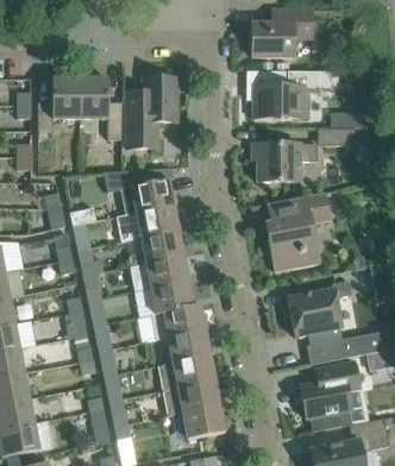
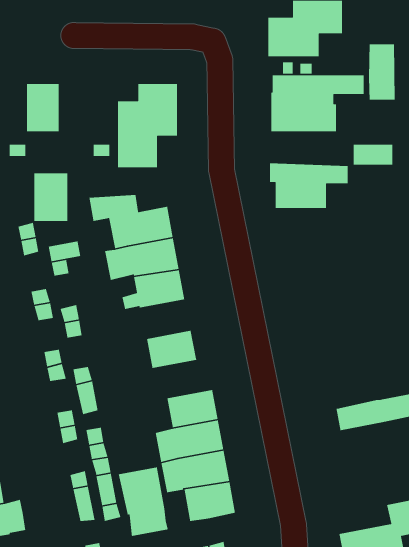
building: none -> [368,44,396,100]
building: [80,77,108,118] -> [33,173,68,222]
building: [265,191,330,271] -> none
building: [145,256,188,288] -> none
building: [288,279,351,345] -> none
building: [151,303,206,339] -> none
building: [300,360,360,430] -> none
building: none -> [118,467,169,537]

